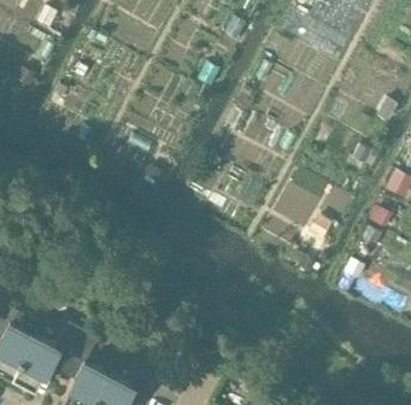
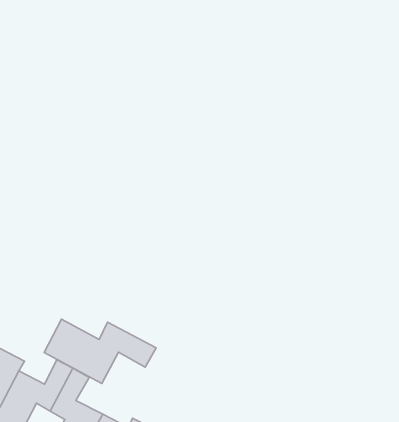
building: none -> [44,319,156,384]

